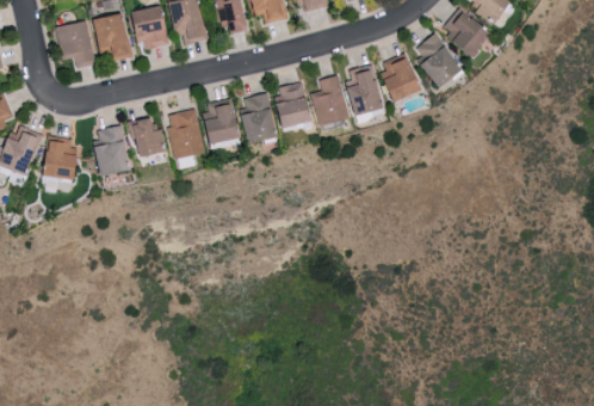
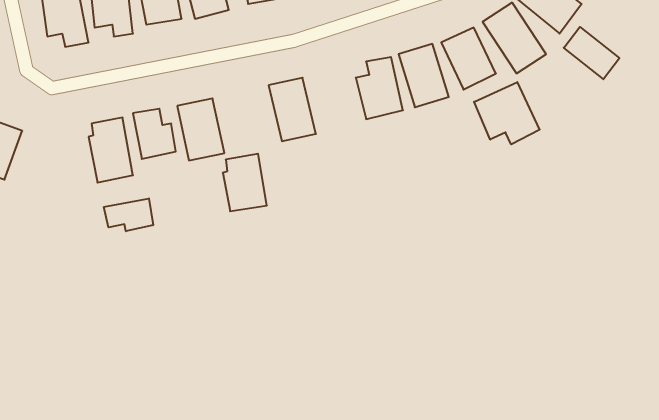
building: none -> [564,27,619,79]
building: [274,81,311,127] -> none
building: none -> [474,82,540,144]
building: [203,97,239,143] -> [223,154,267,211]
building: [43,136,80,180] -> none
building: none -> [104,198,153,231]

